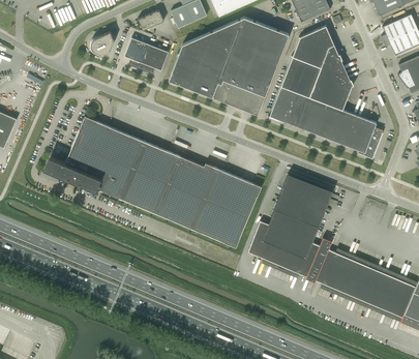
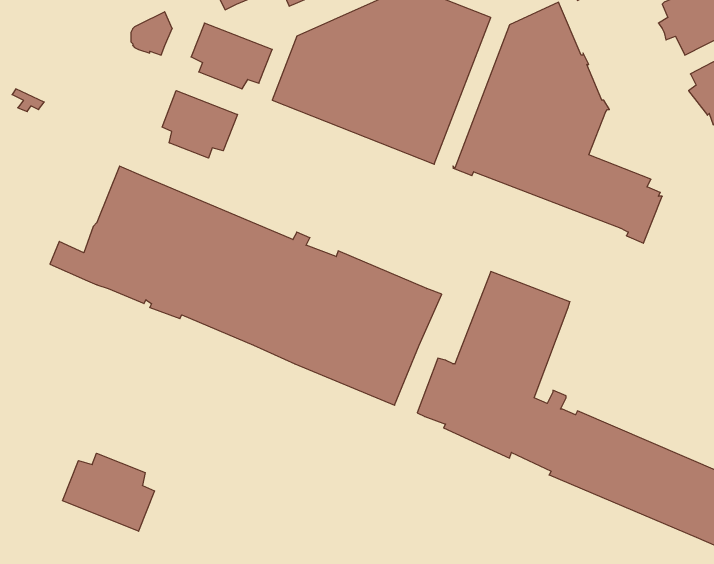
building: none -> [162,91,237,158]
building: none -> [62,453,155,531]

